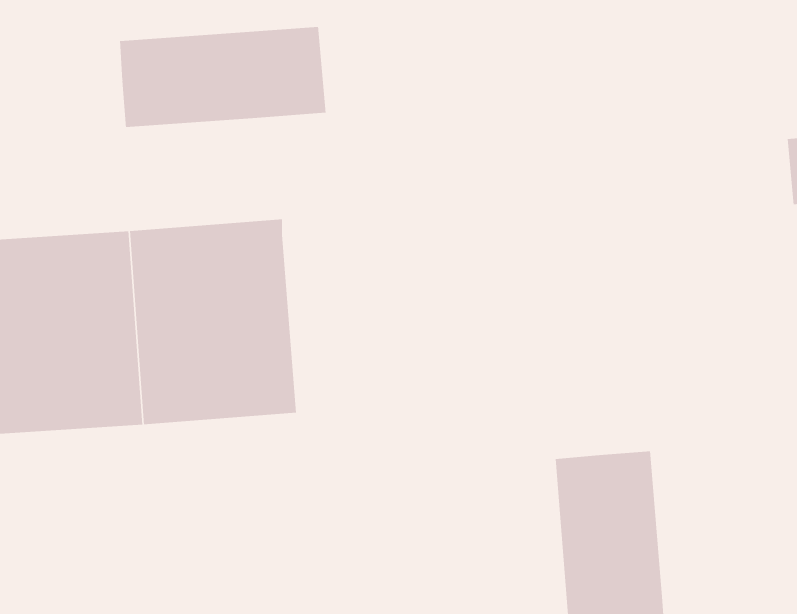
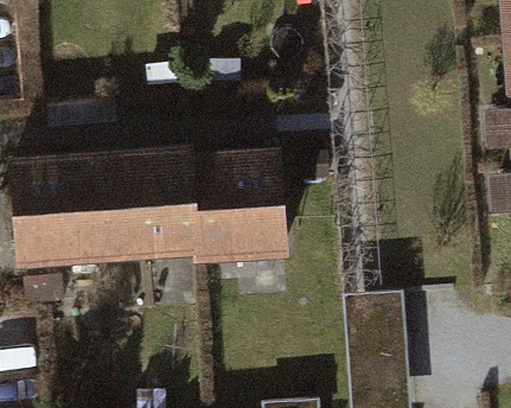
building: [119,26,326,128] -> none
building: none -> [186,152,286,274]

